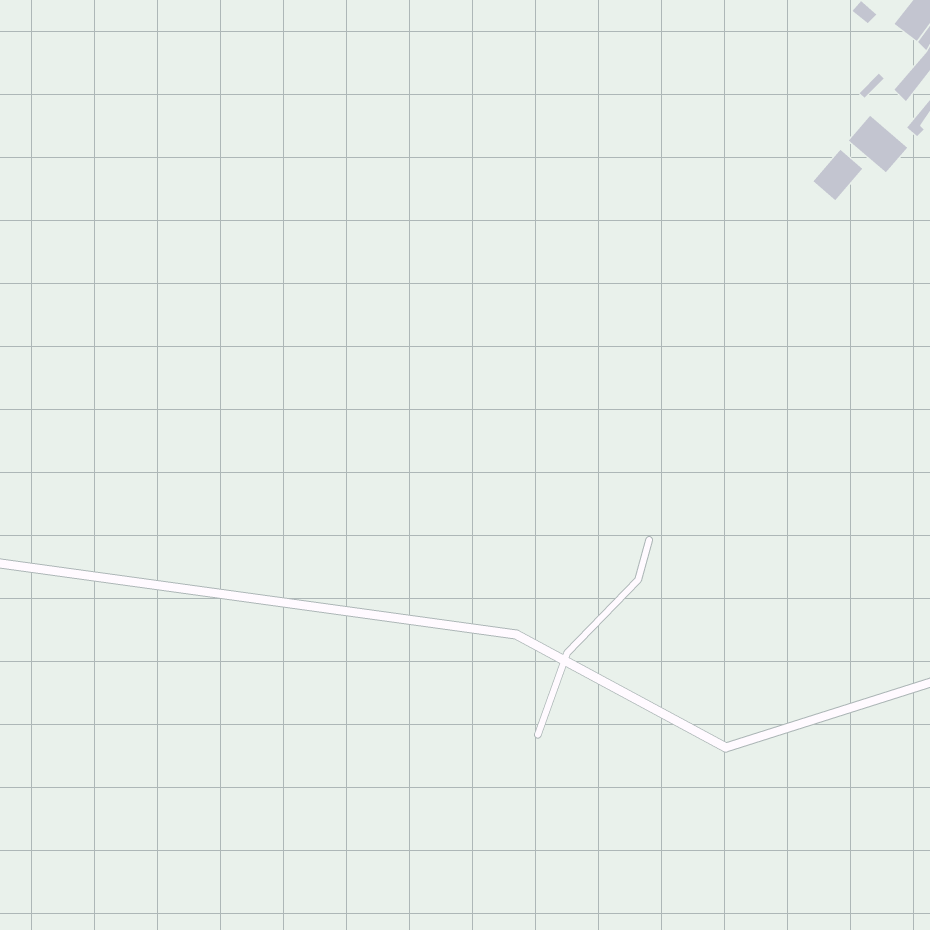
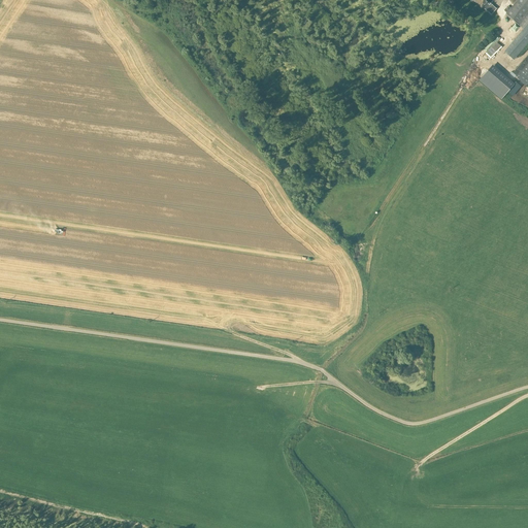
building: [812,149,863,201] -> none

